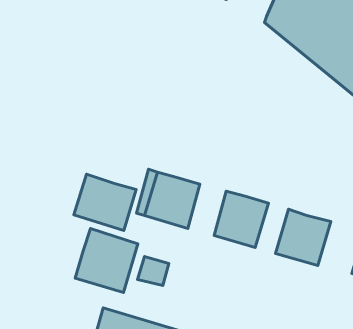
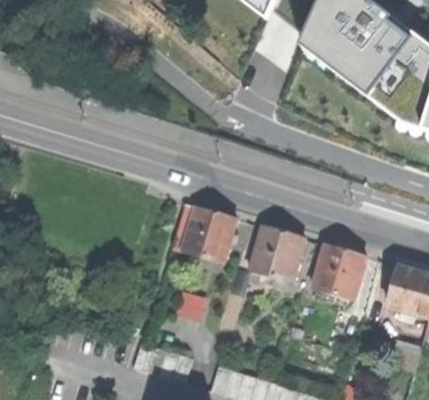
building: [74,174,136,230] -> none
building: [75,229,138,292] -> none

